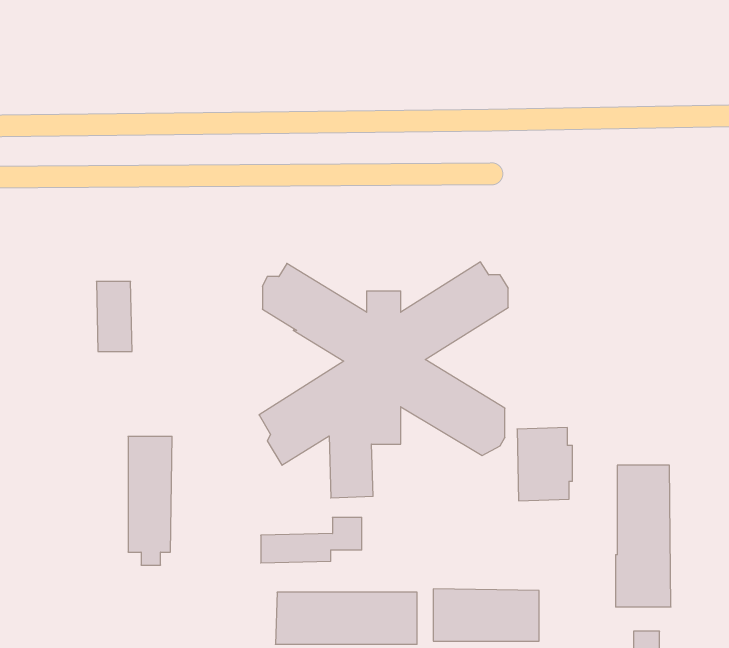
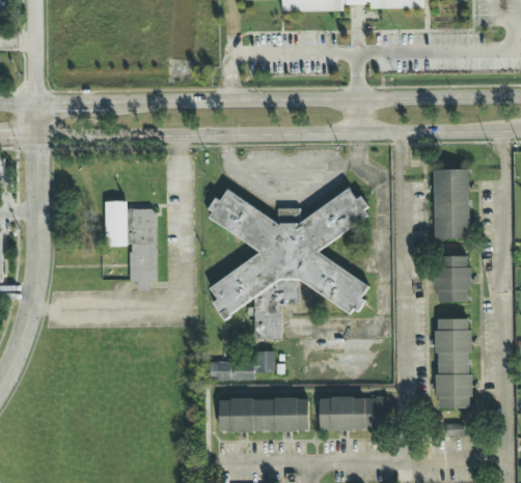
building: none -> [433,169,470,239]
building: [517,428,572,501] -> [436,255,471,302]
building: [128,436,172,565] -> [129,208,157,290]

